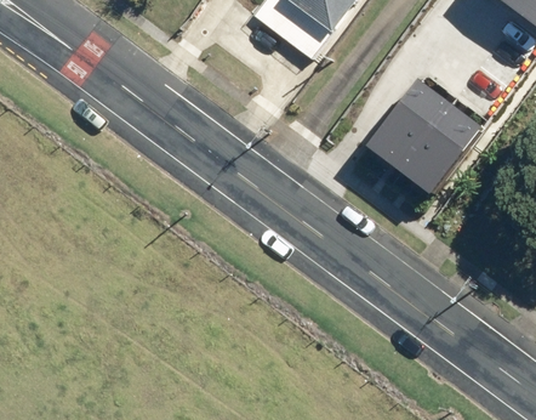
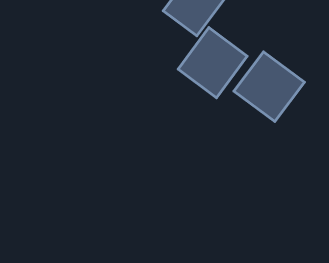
building: none -> [178,28,247,98]

